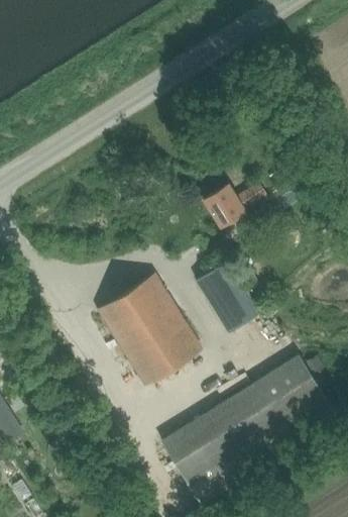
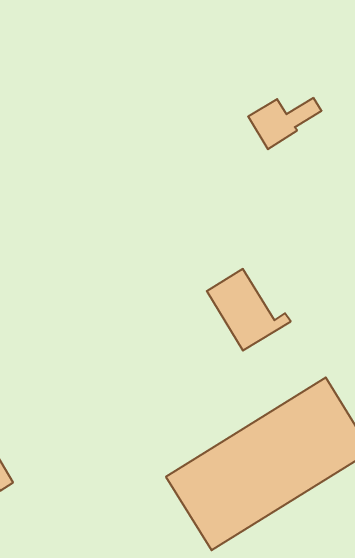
building: [202,183,265,227] -> [248,98,322,149]
building: [97,274,201,384] -> none

